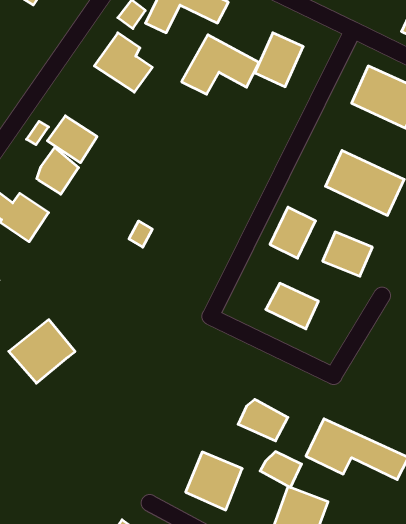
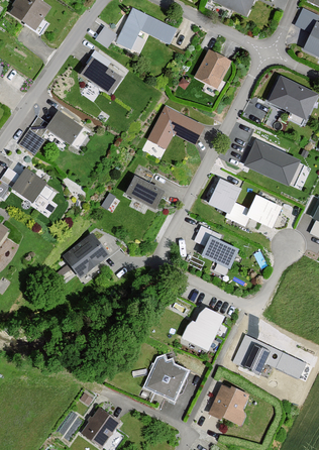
building: [182,35,259,94] -> [145,108,202,151]
building: [37,148,79,194] -> none
building: none -> [125,174,165,207]
building: [9,320,75,383] -> [62,234,110,280]
building: [260,452,302,488] -> [197,306,227,332]

